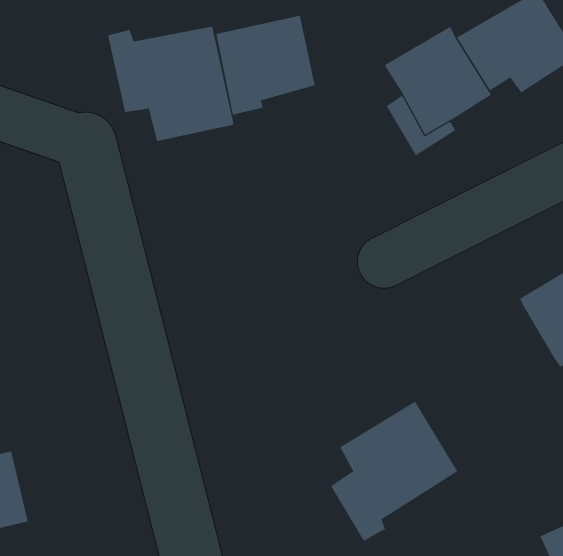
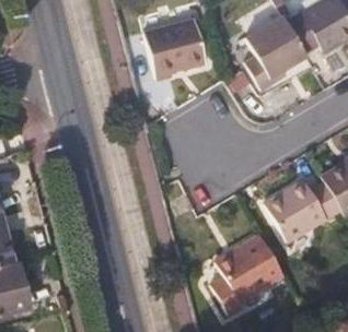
building: [107,26,234,142] -> none
building: none -> [264,179,340,242]

